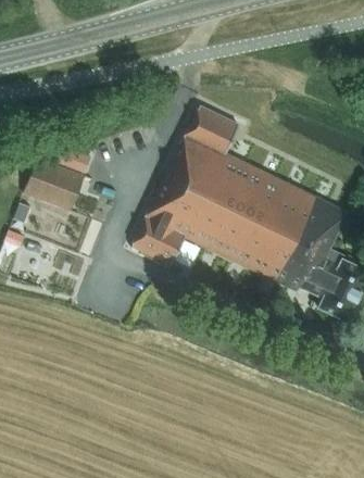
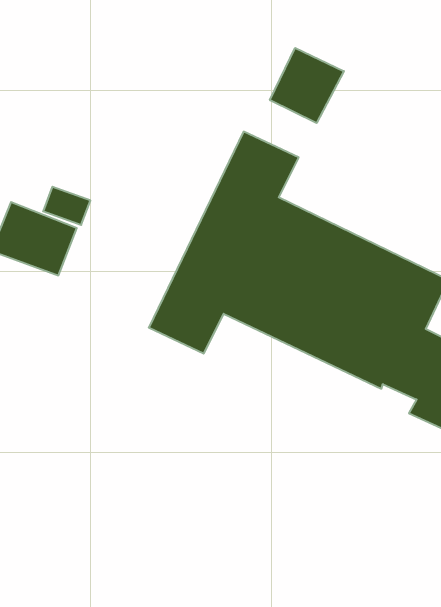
building: none -> [270,48,344,123]

